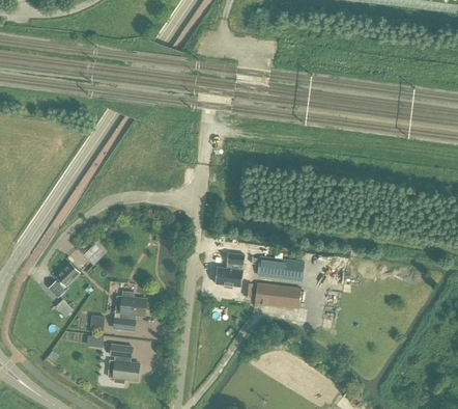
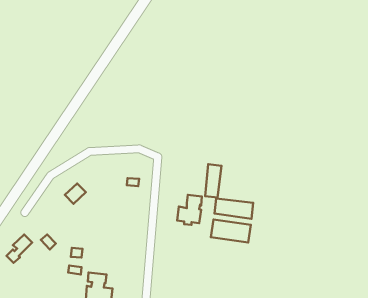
building: none -> [205,164,222,198]
building: [49,263,79,296] -> [6,234,32,263]
building: [113,291,148,329] -> none

